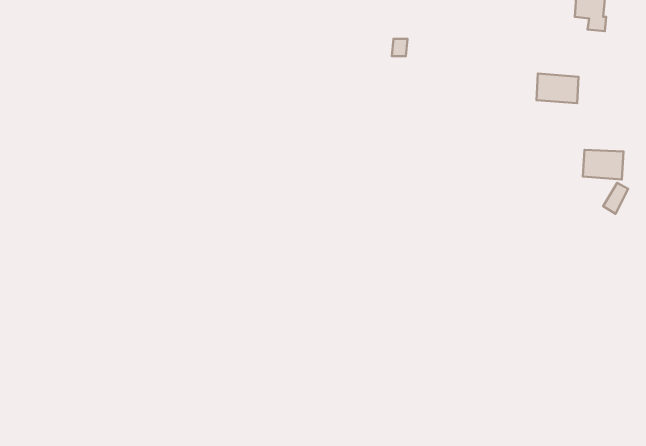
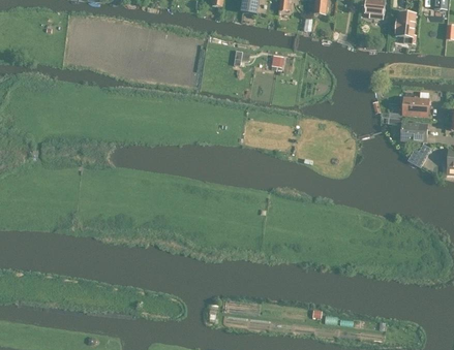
building: [536,74,579,103] -> [401,96,429,116]

